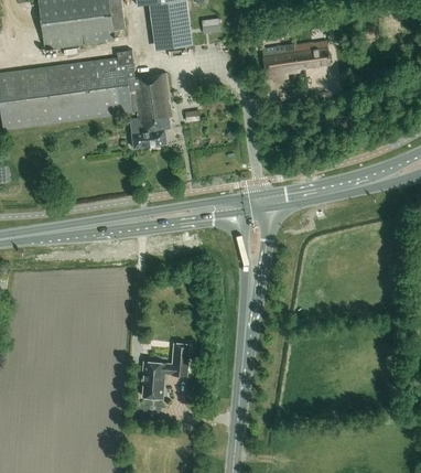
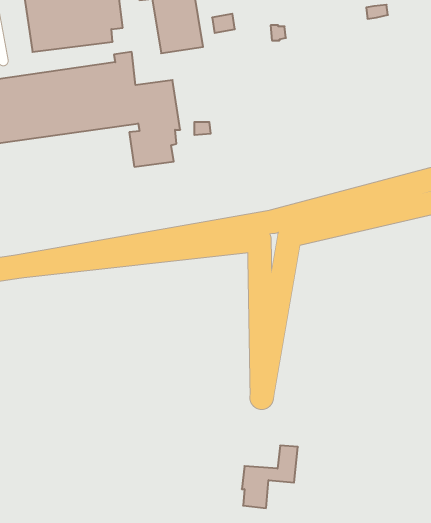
building: [262,40,330,79] -> none
building: [141,344,190,398] -> [242,446,298,508]

